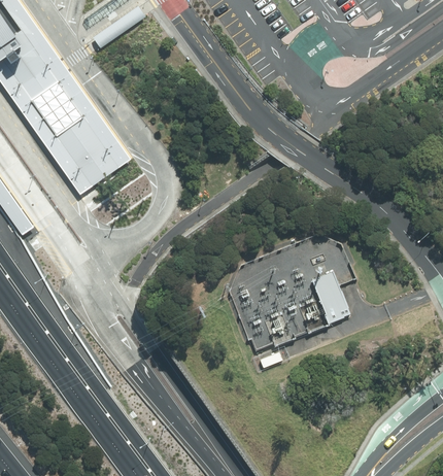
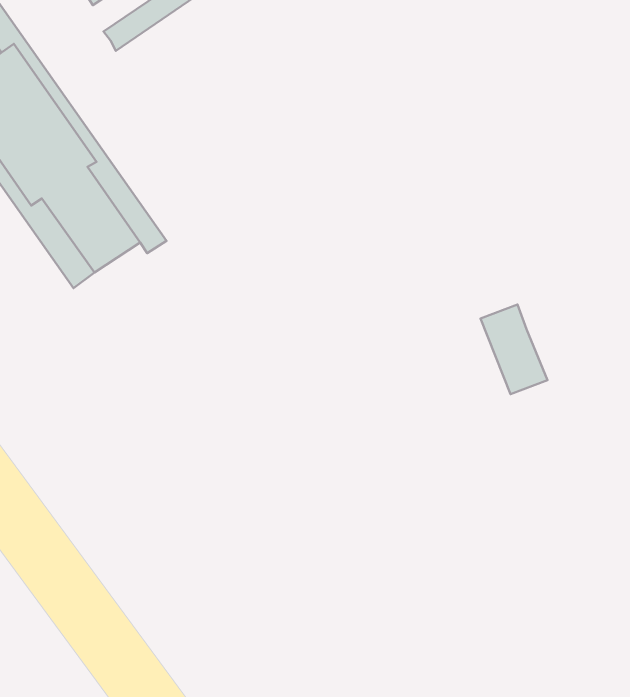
building: [311,271,350,324] -> [481,305,547,394]

